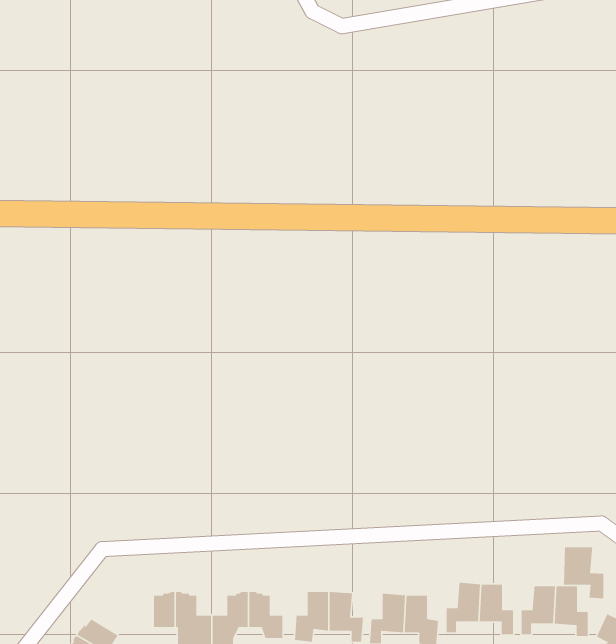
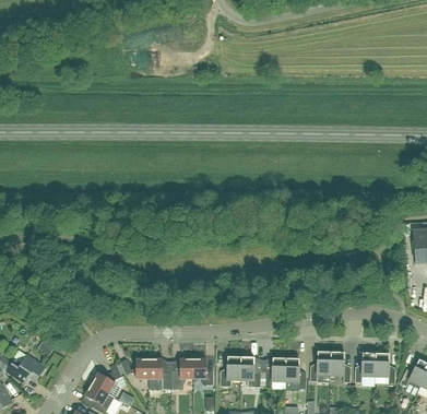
building: [563,547,604,599] -> none

